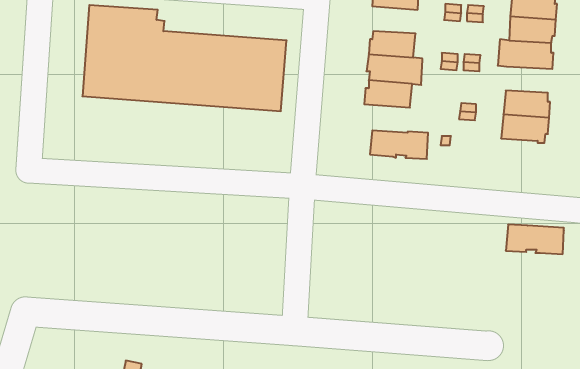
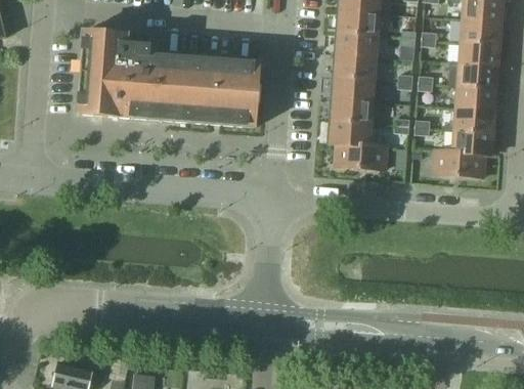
building: none -> [335,33,377,57]
building: none -> [455,87,497,111]
building: none -> [328,121,369,146]
building: [506,225,564,254] -> [432,150,484,177]

